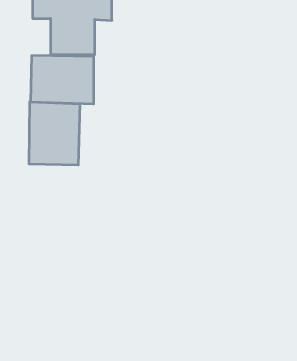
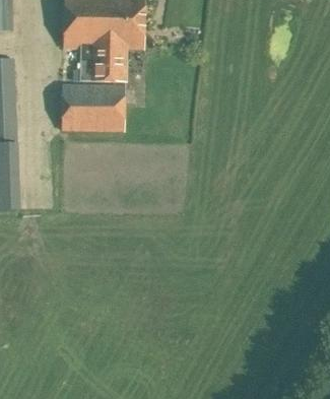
building: [29,102,80,165] -> none

